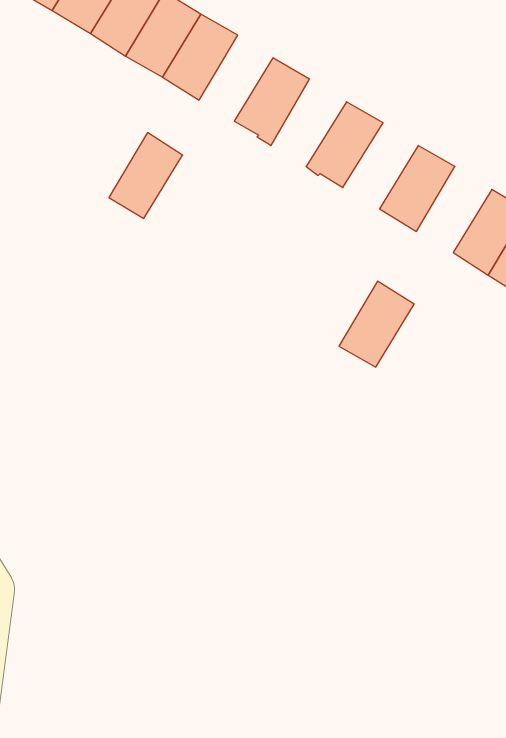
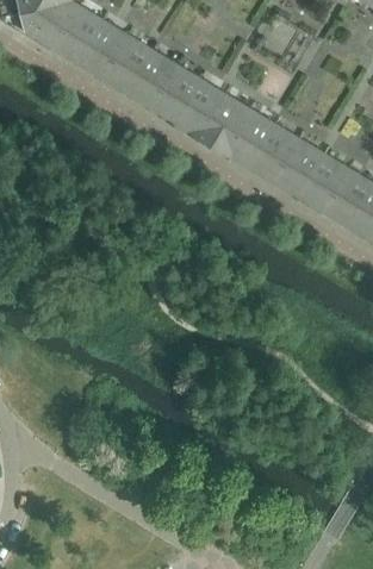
building: none -> [199,93,250,152]
building: none -> [248,123,299,181]
building: [109,133,183,218] -> [150,63,200,121]
building: [339,281,414,367] -> [298,152,349,211]

